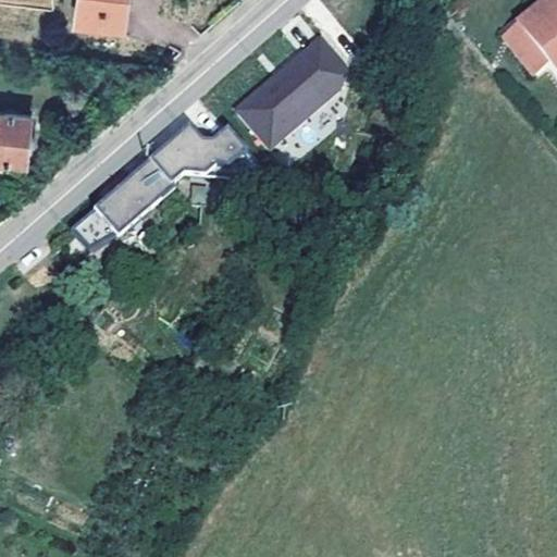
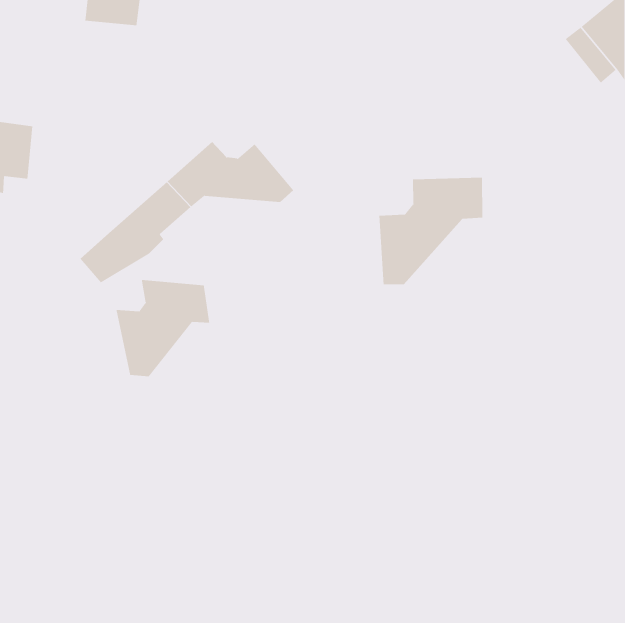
building: [235,38,347,148] -> none
building: none -> [379,177,483,285]
building: none -> [116,279,210,377]

